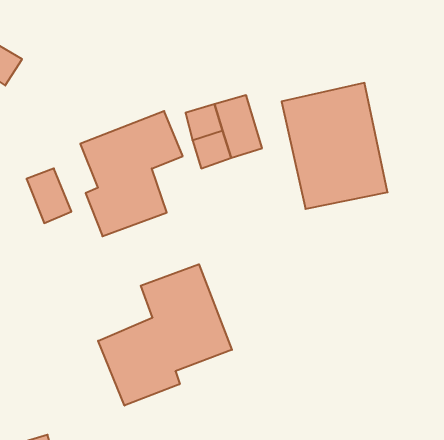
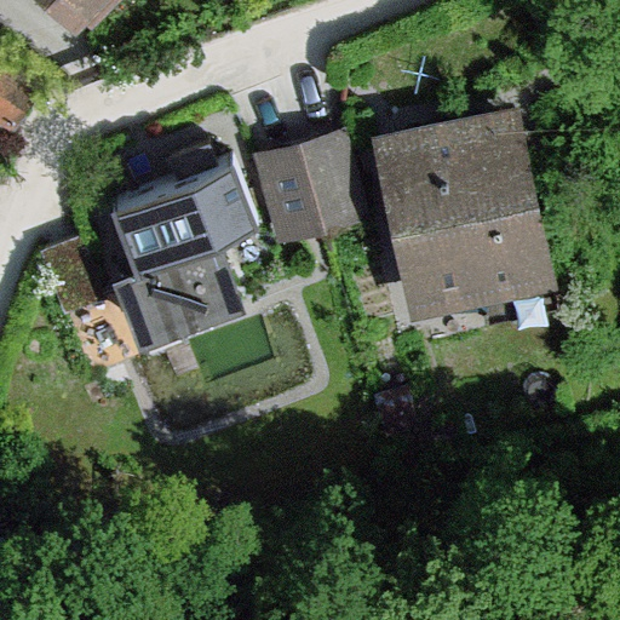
building: [98,264,232,406] -> none

